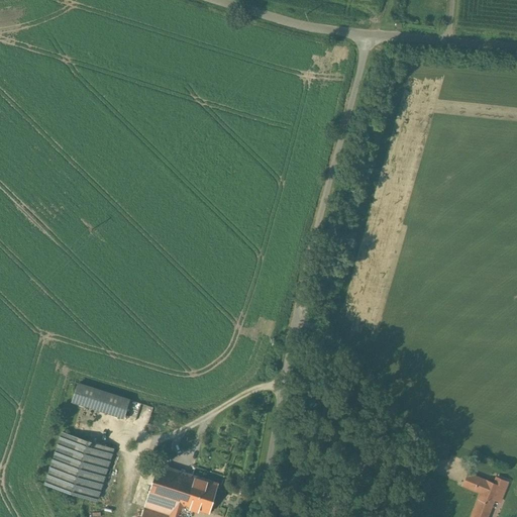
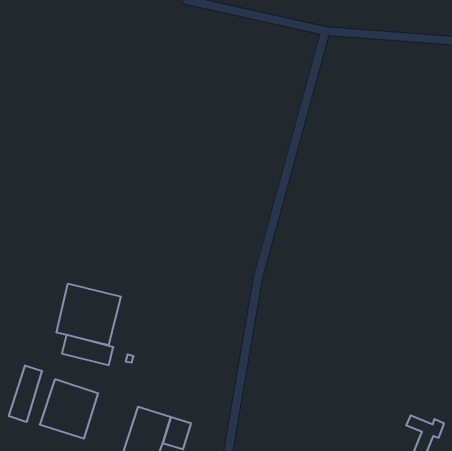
building: none -> [57,284,121,345]
building: none -> [9,365,42,422]

